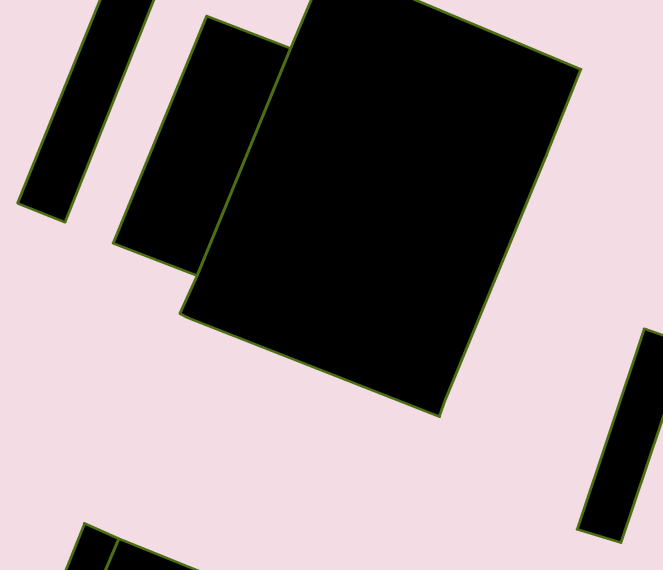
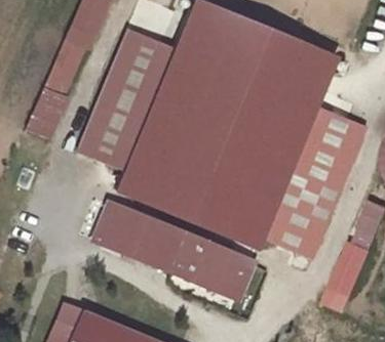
building: none -> [257,104,367,258]
building: none -> [94,202,251,295]

